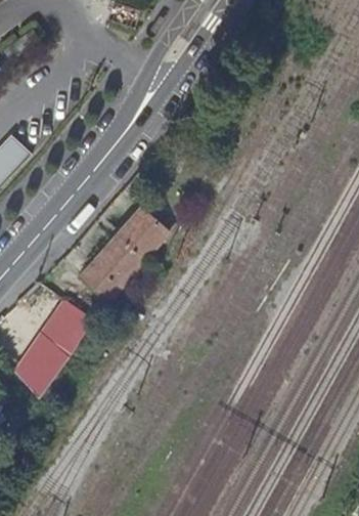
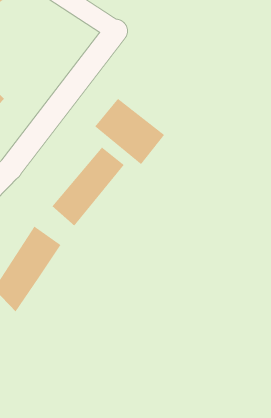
building: none -> [94,98,165,165]

